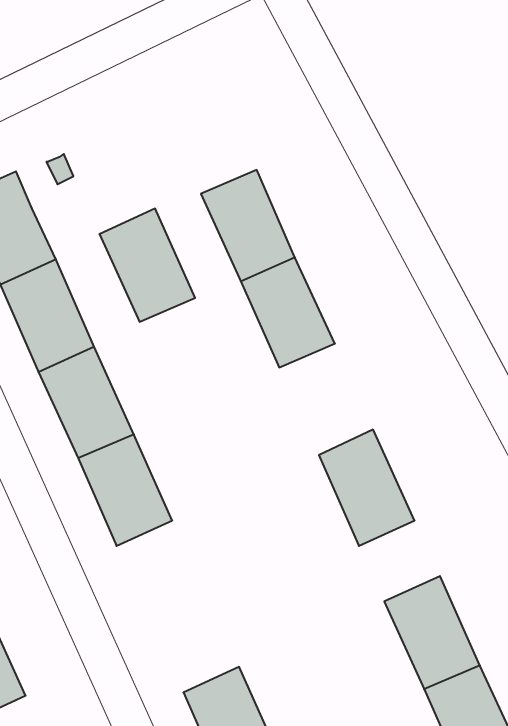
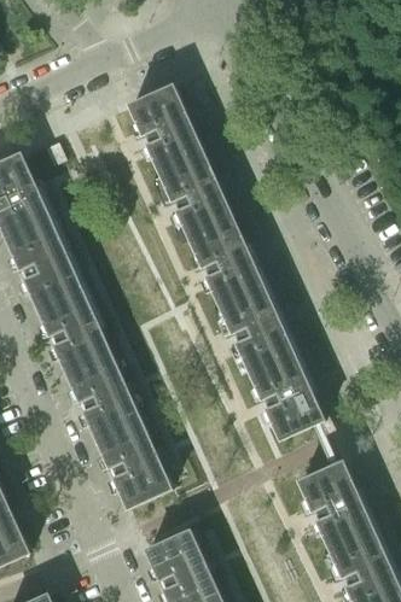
building: [99,209,195,322] -> [132,87,204,173]
building: none -> [221,286,292,370]
building: none -> [98,420,172,508]

